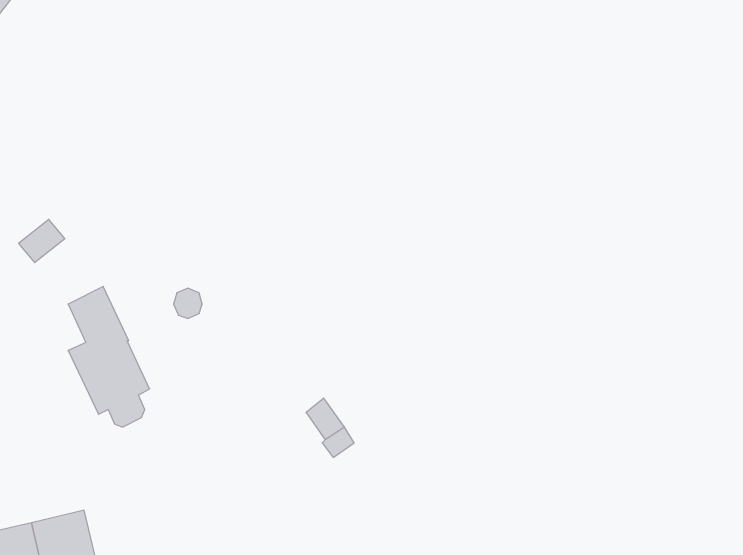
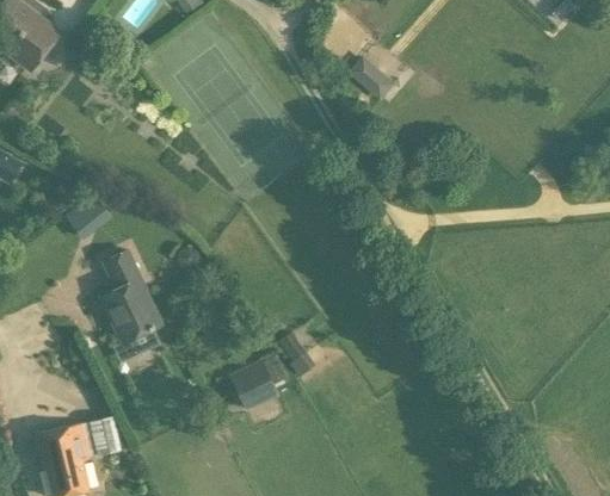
building: none -> [350,55,398,101]
building: none -> [228,352,292,399]

